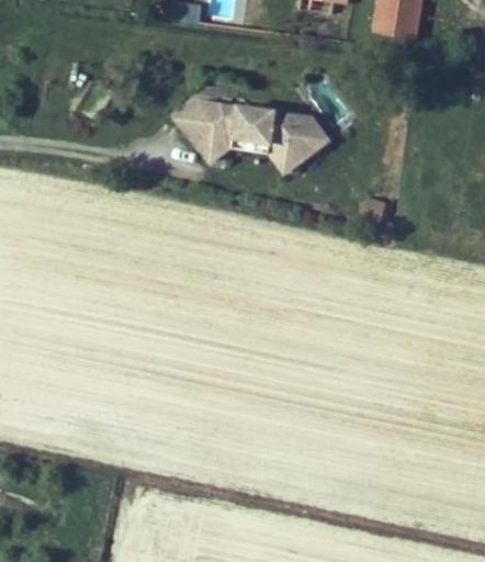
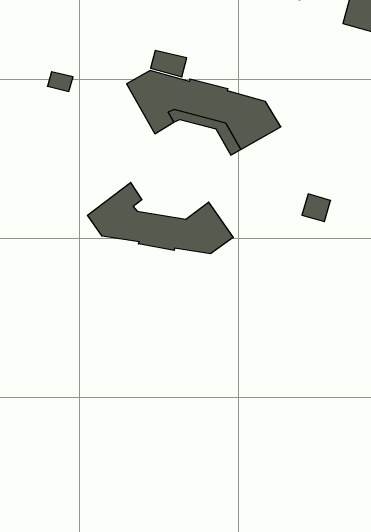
building: none -> [87,182,233,254]

